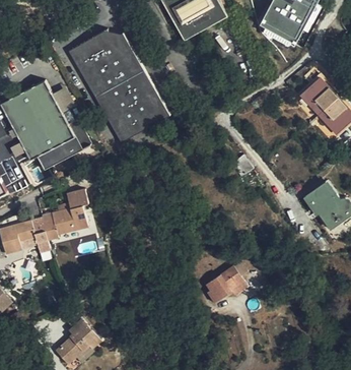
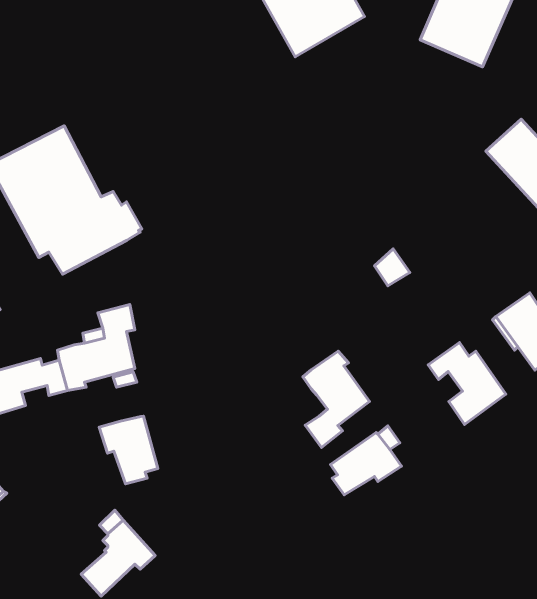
building: [68,28,170,143] -> none
building: none -> [428,343,506,425]
building: none -> [303,351,369,448]
building: none -> [99,416,158,484]

